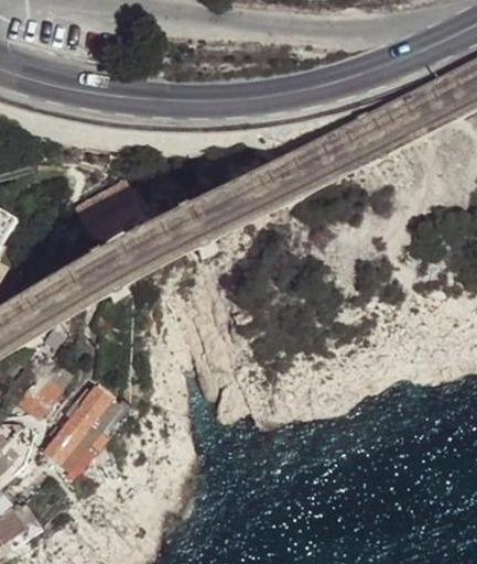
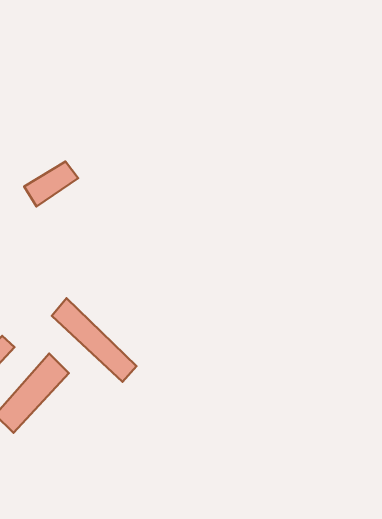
building: none -> [52,298,137,382]

